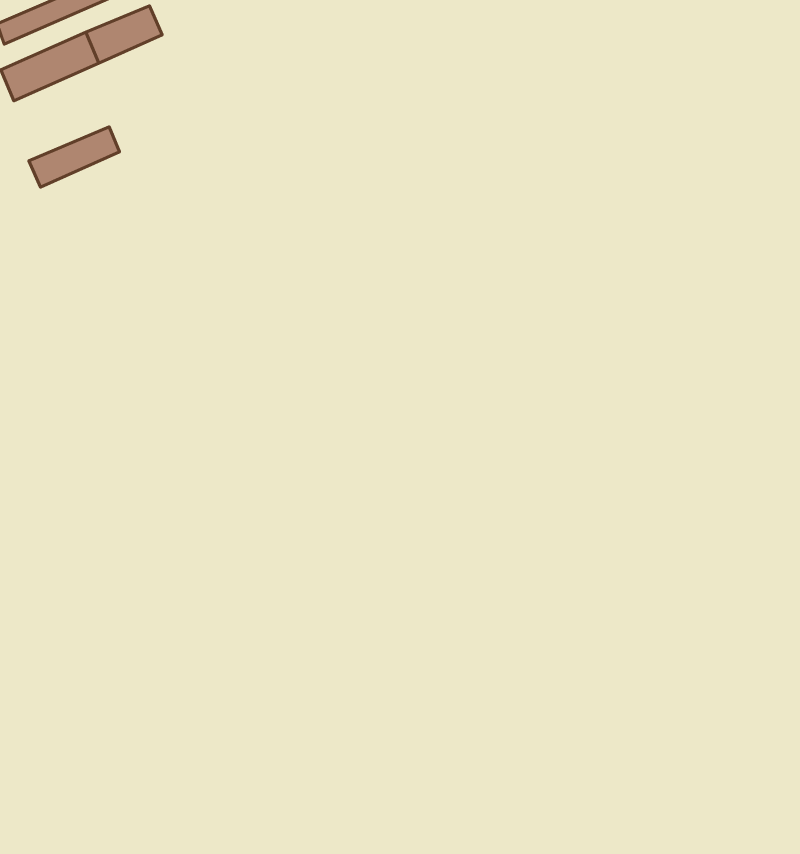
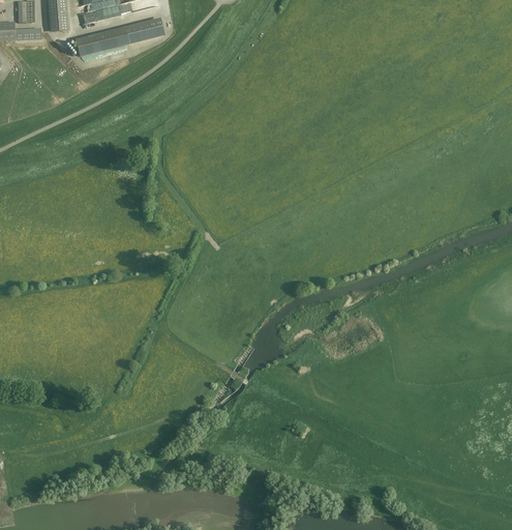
building: [29,127,120,187] -> none

